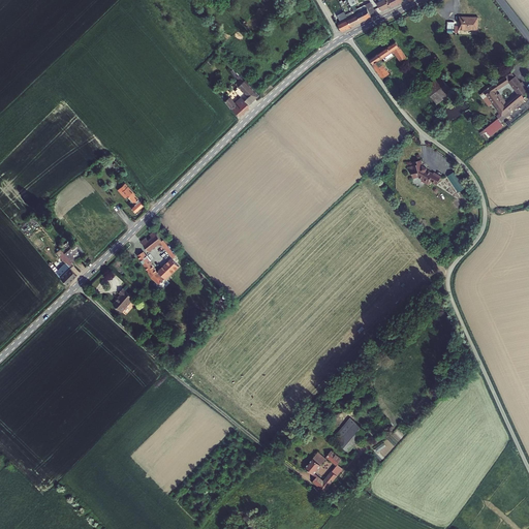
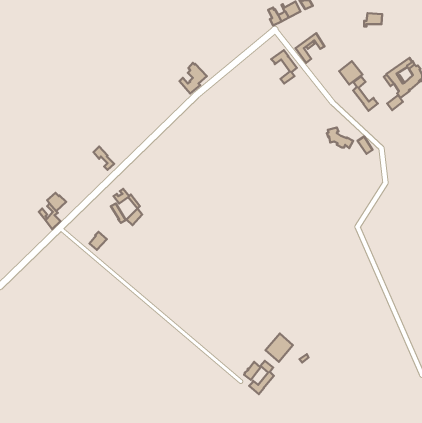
building: none -> [271,50,297,84]
building: none -> [353,76,378,111]

